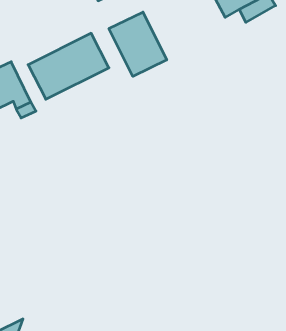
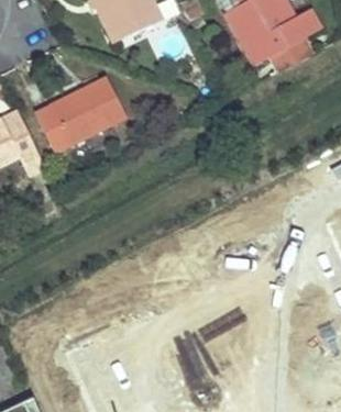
building: [109,12,167,76] -> none

